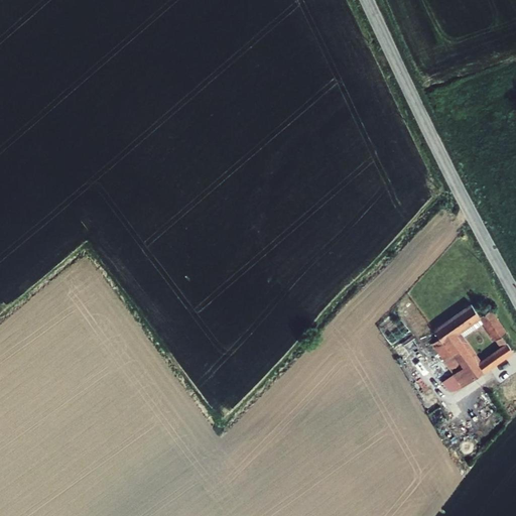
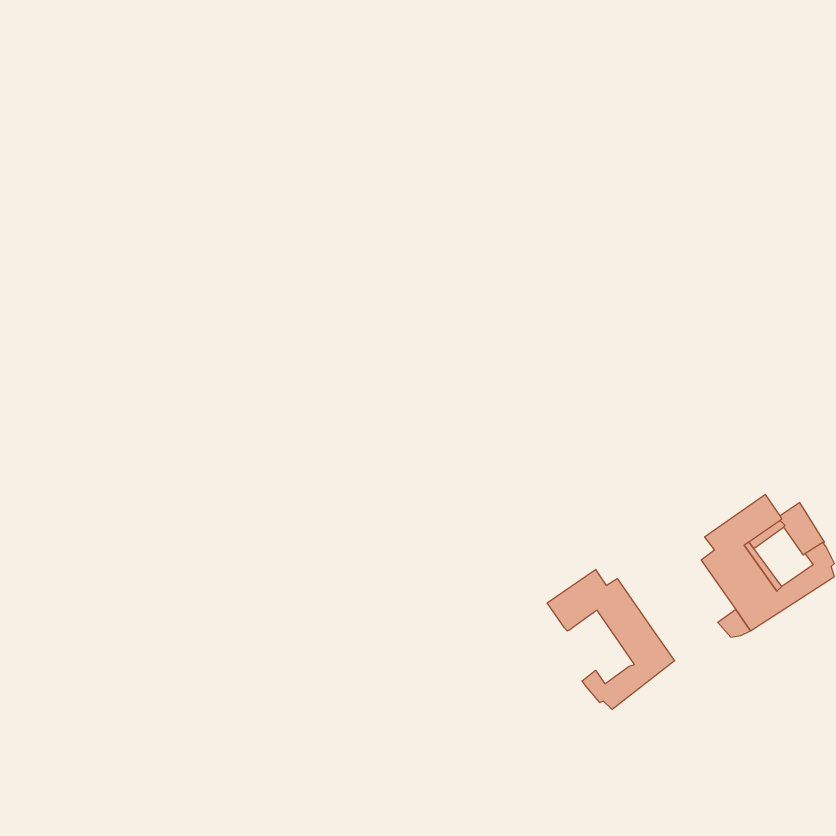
building: none -> [547,569,675,709]

